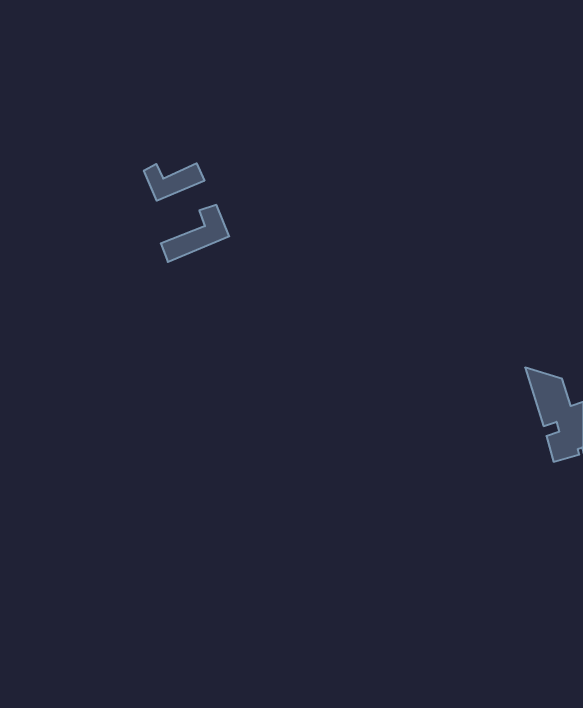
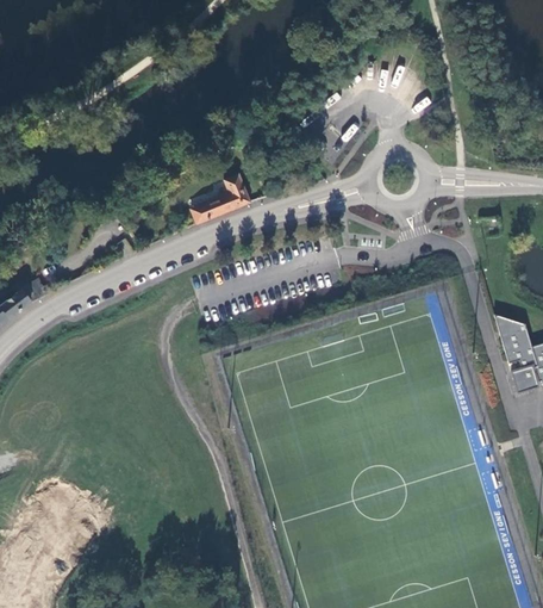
building: [144,163,204,201] -> none

